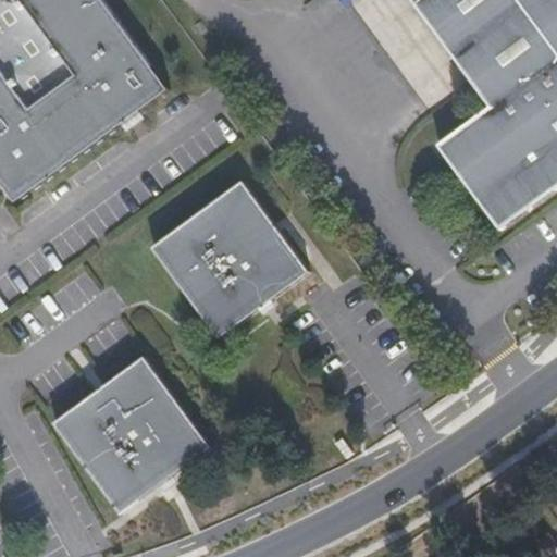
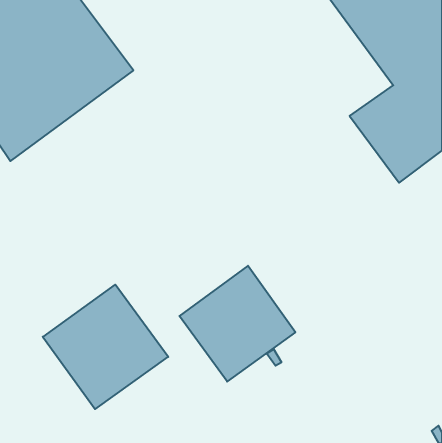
building: [151,180,307,337] -> none
building: none -> [179,266,295,382]

